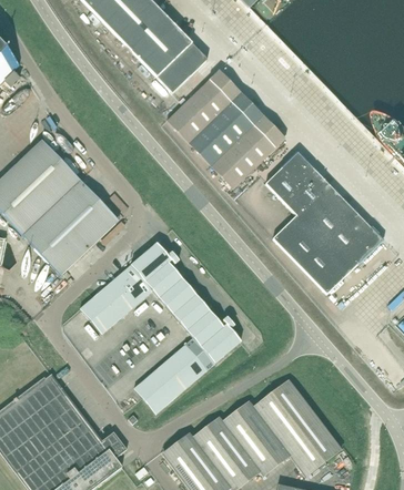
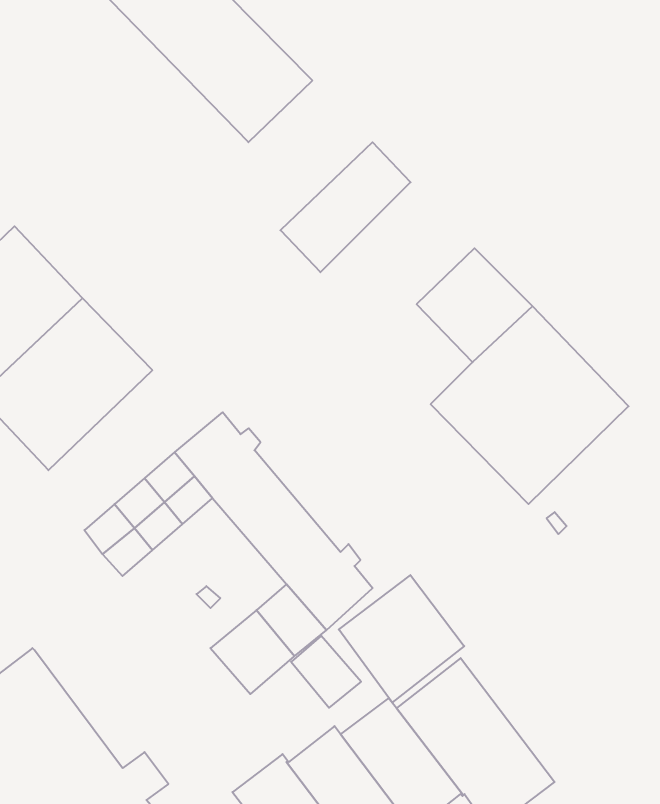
building: [168,70,241,142] -> none
building: [212,115,284,187] -> none
building: none -> [339,575,464,703]
building: [134,374,173,414] -> [291,636,361,708]

